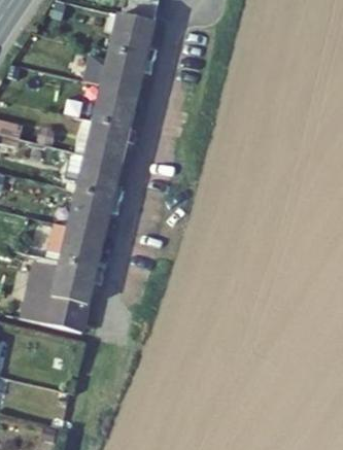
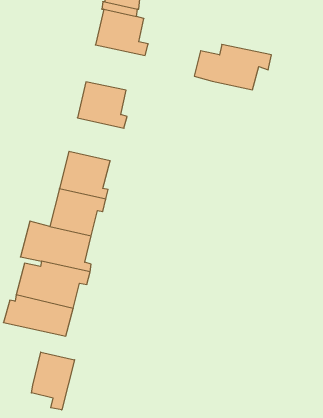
building: [83,46,159,91] -> [194,44,271,90]
building: [73,114,138,160] -> none
building: none -> [31,352,75,410]

